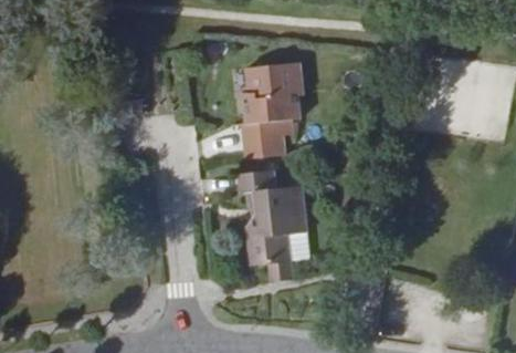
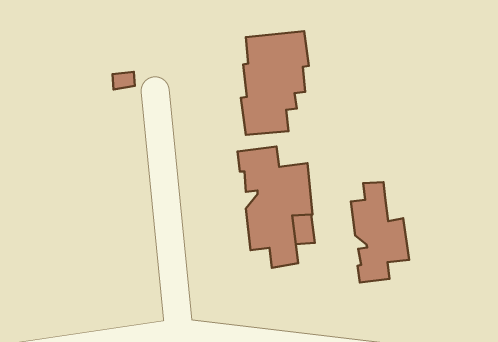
building: none -> [351,182,409,282]

